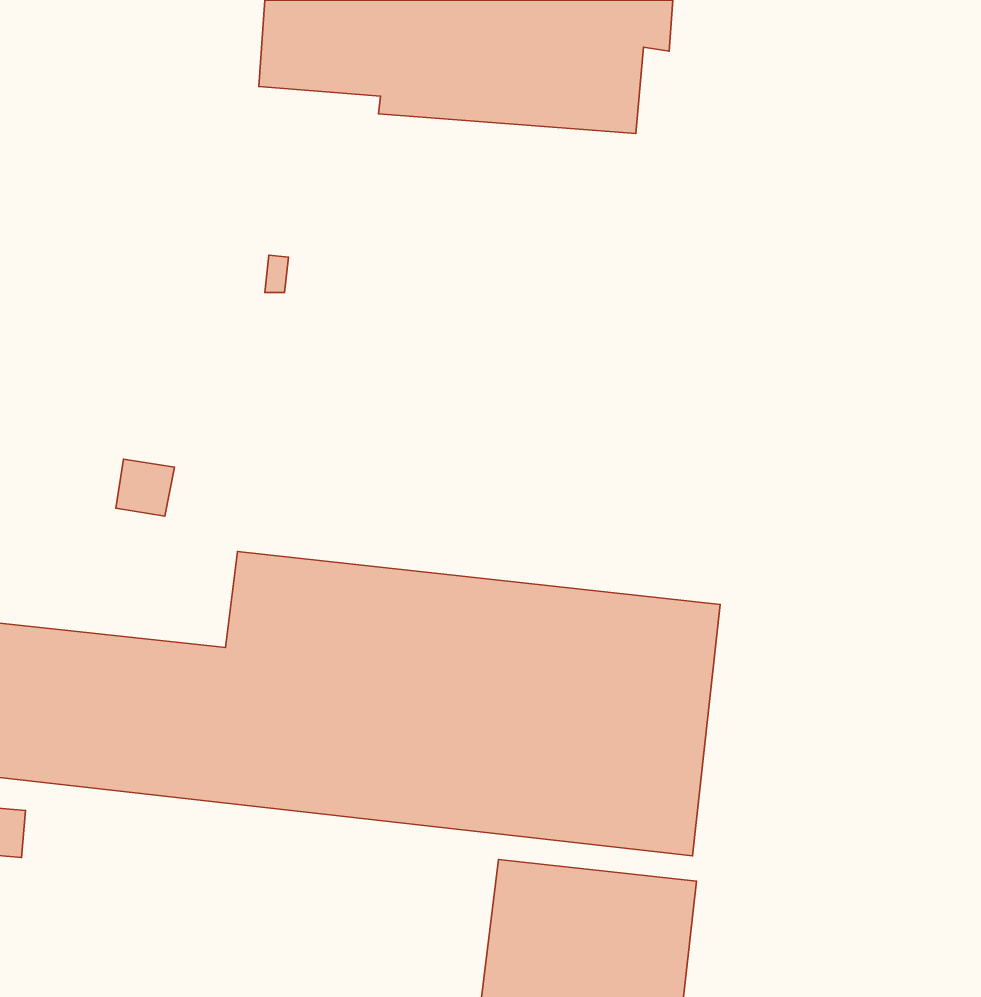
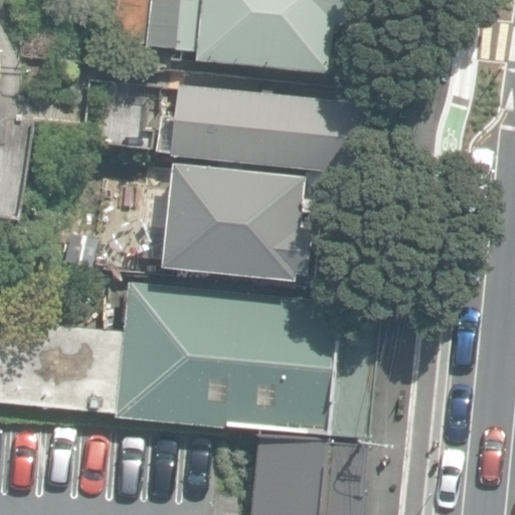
building: none -> [150,87,357,176]
building: none -> [160,165,307,281]

